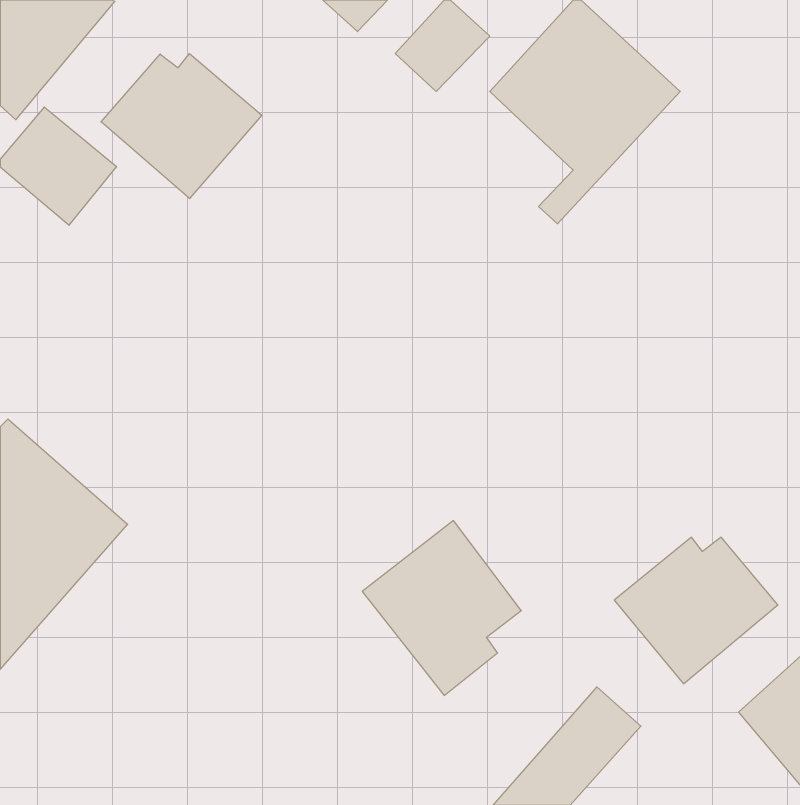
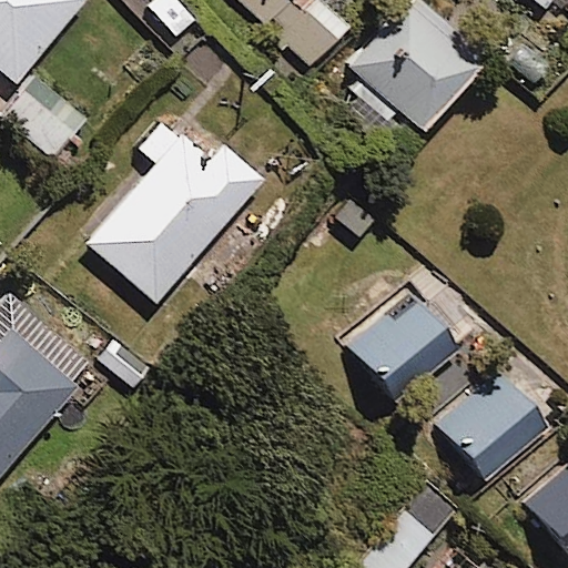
building: [101,54,262,199] -> none
building: none -> [87,123,262,304]
building: [362,521,521,695] -> [345,291,457,414]

